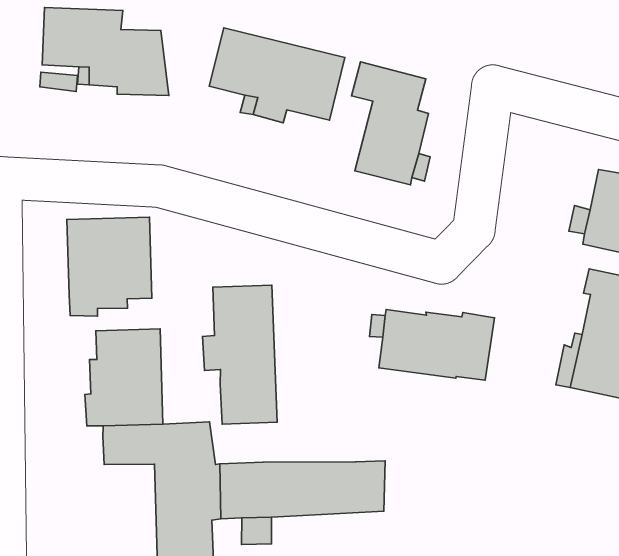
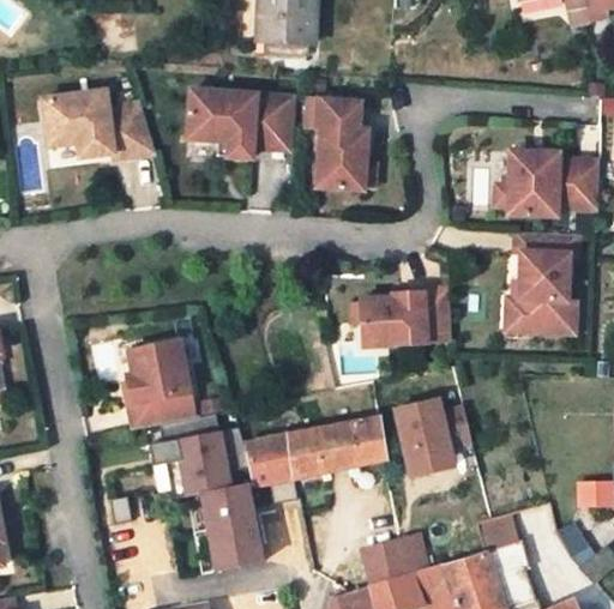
building: [67,217,152,316] -> none
building: [202,285,277,424] -> none
building: none -> [395,400,470,477]

